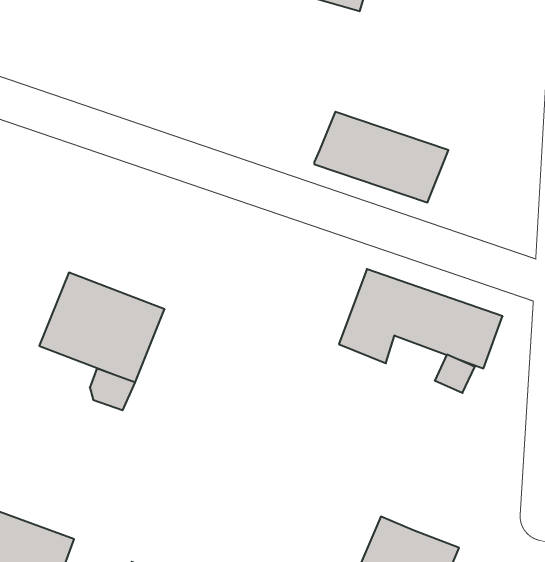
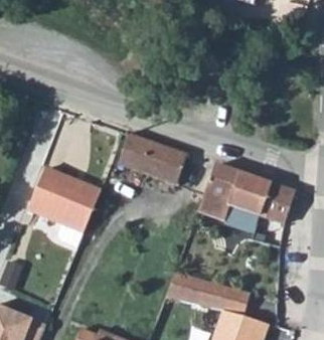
building: [314,112,448,202] -> [112,134,189,186]
building: none -> [169,274,254,317]

